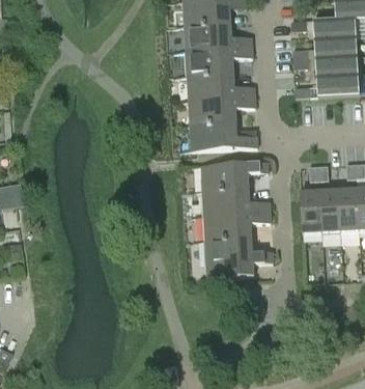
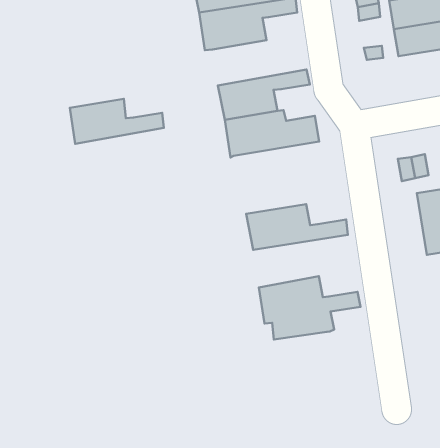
building: [192,74,254,101] -> [70,99,164,144]
building: [201,161,268,190] -> none
building: [301,189,321,232] -> none
building: [204,212,271,241] -> none

